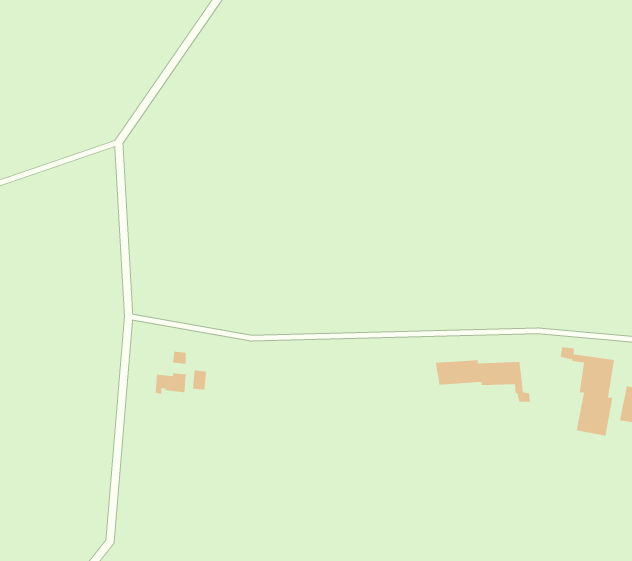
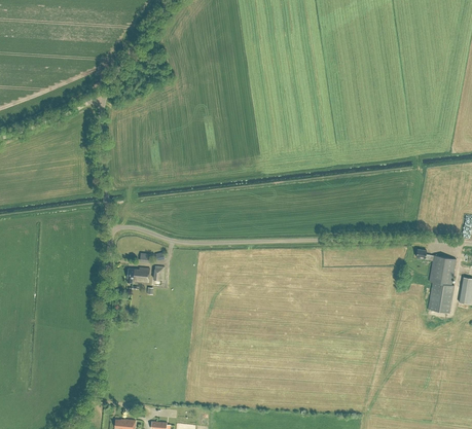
building: [435,360,530,403] -> none

